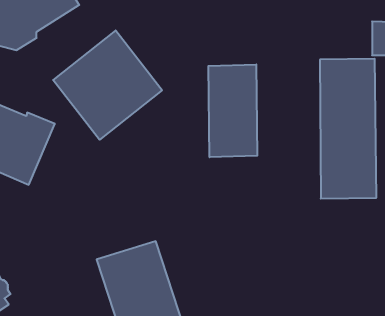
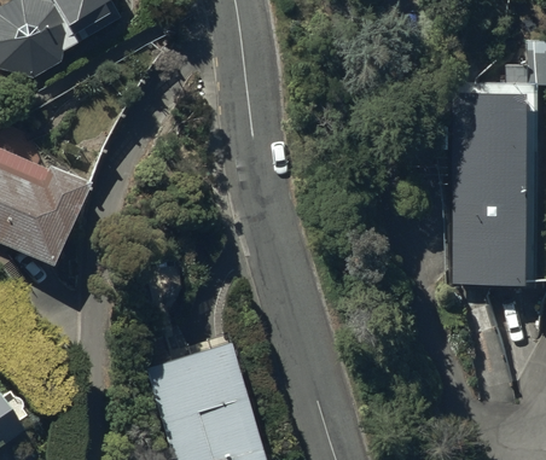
building: [53,30,162,140] -> none
building: [208,64,257,157] -> none

